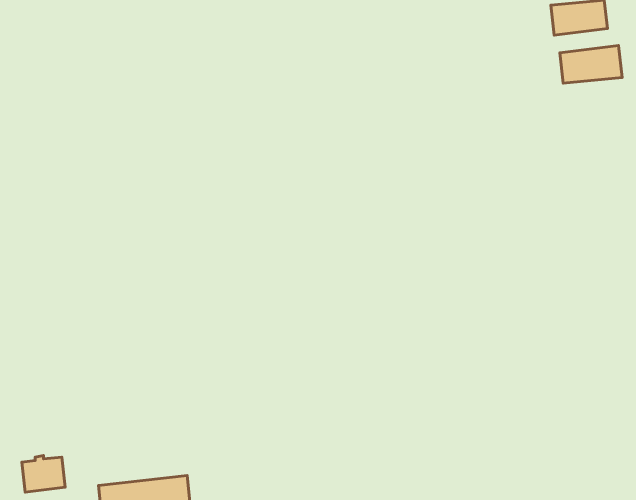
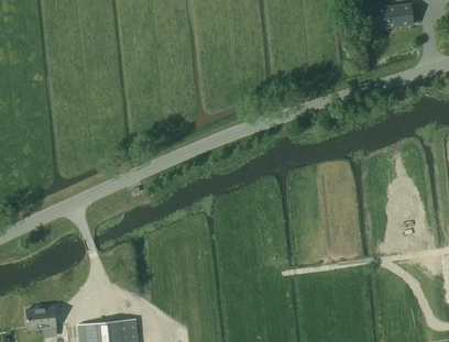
building: [560,45,622,83] -> none

